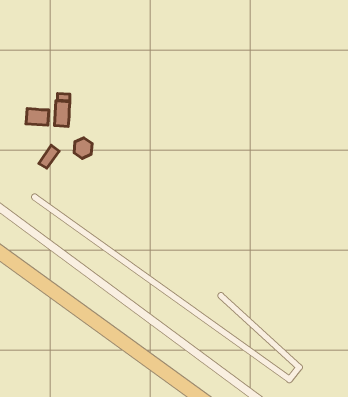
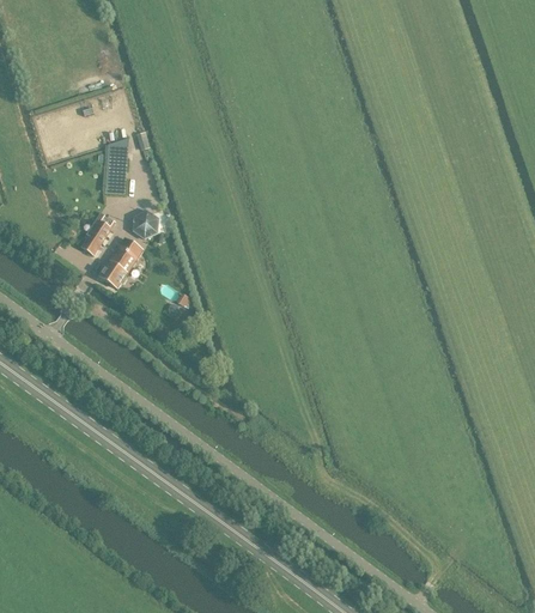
building: [26,109,49,125] -> none
building: none -> [99,237,144,287]

